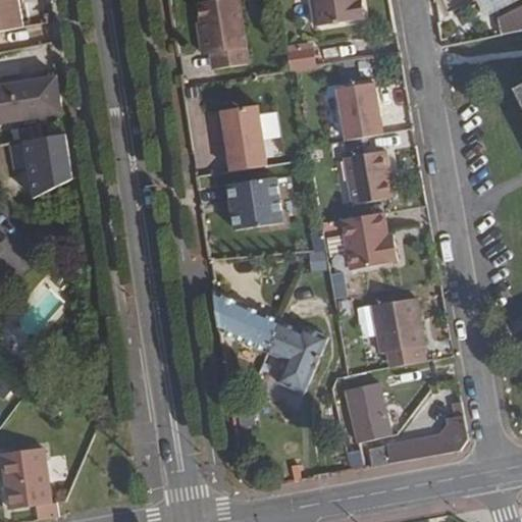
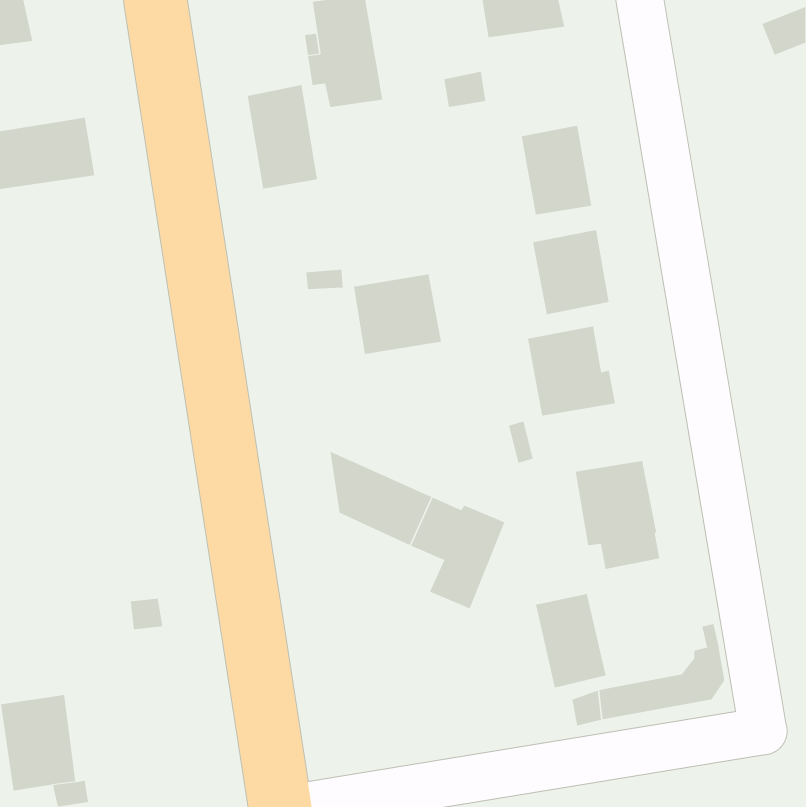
building: [219,104,265,171] -> [247,85,318,189]
building: [17,136,64,190] -> none

